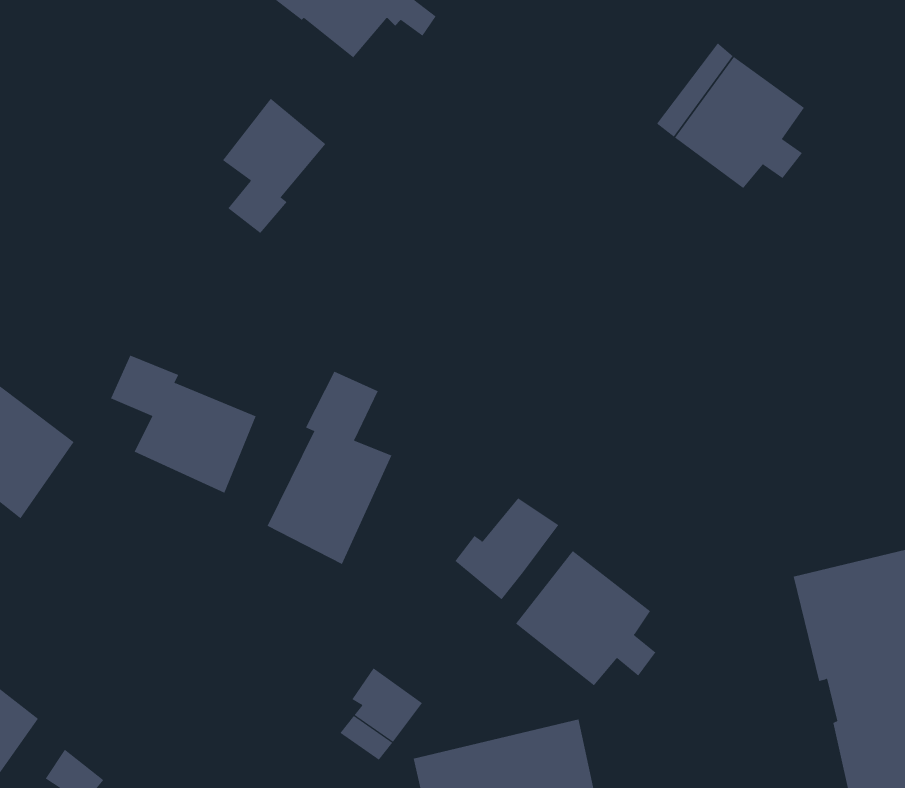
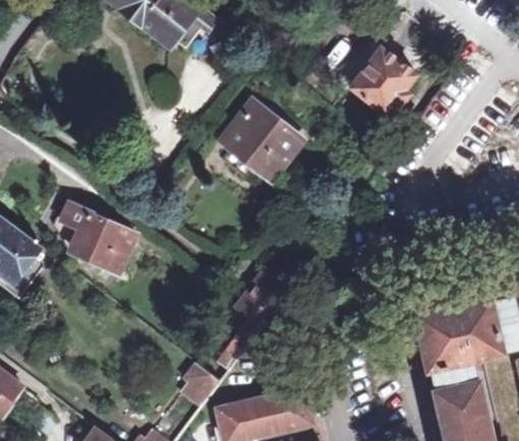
building: [222,98,326,234] -> none
building: none -> [222,104,301,181]
building: [267,371,392,565] -> none
building: [515,550,656,686] -> none

